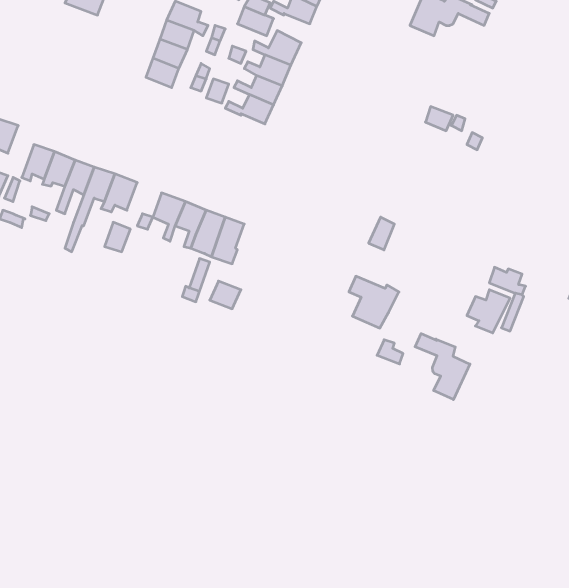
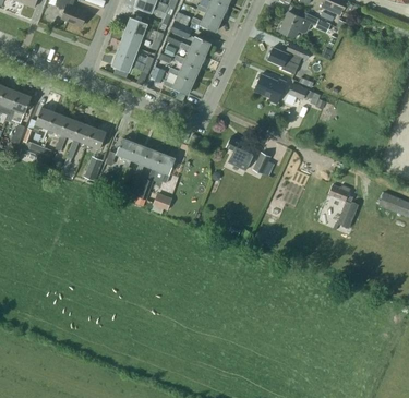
building: none -> [267,44,311,74]
building: none -> [254,74,286,105]
building: [349,276,399,328] -> [226,138,257,171]
building: [415,334,470,400] -> none

